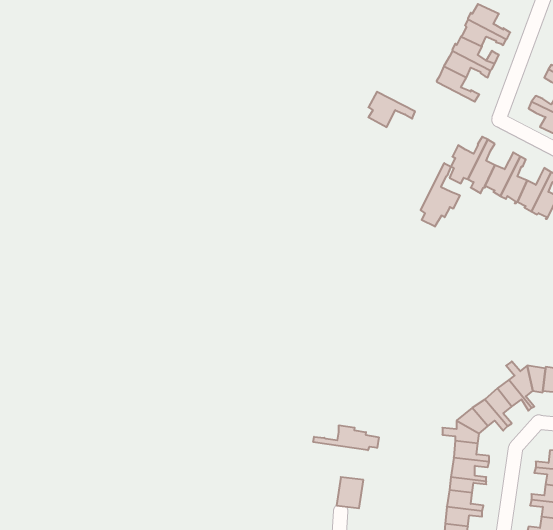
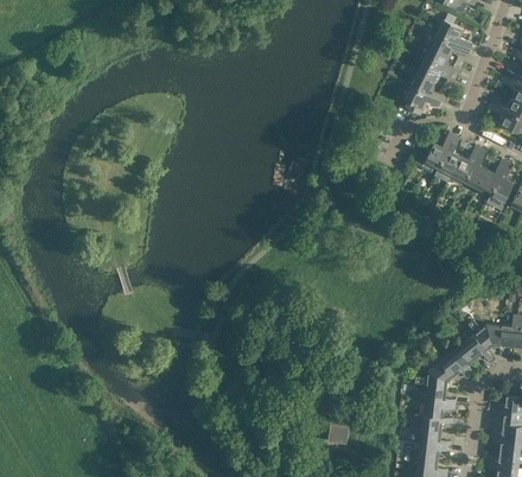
building: [368,92,415,127] -> [405,87,444,116]
building: [421,163,460,227] -> none
building: [313,425,379,450] -> none

